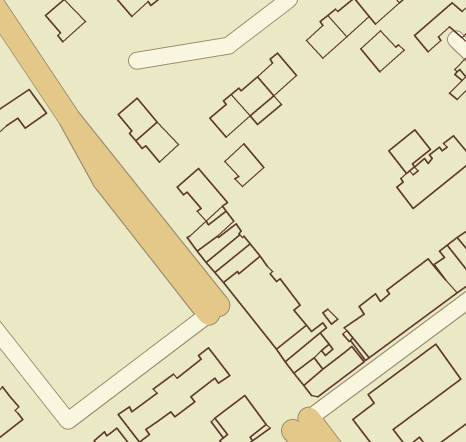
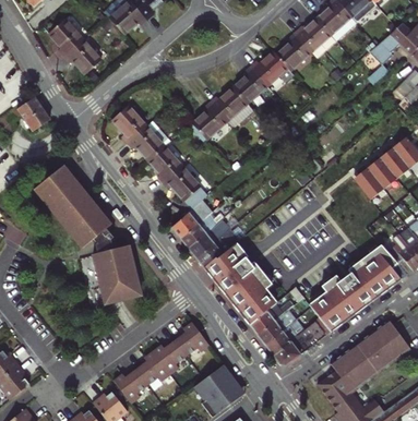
building: none -> [64,38,103,74]
building: [361,31,404,72] -> none
building: none -> [251,51,294,85]
building: [389,130,430,173] -> none
building: [225,144,264,186] -> [148,145,182,182]
building: none -> [35,166,140,303]

